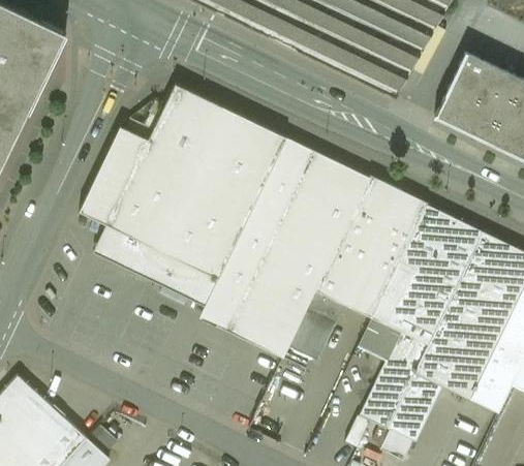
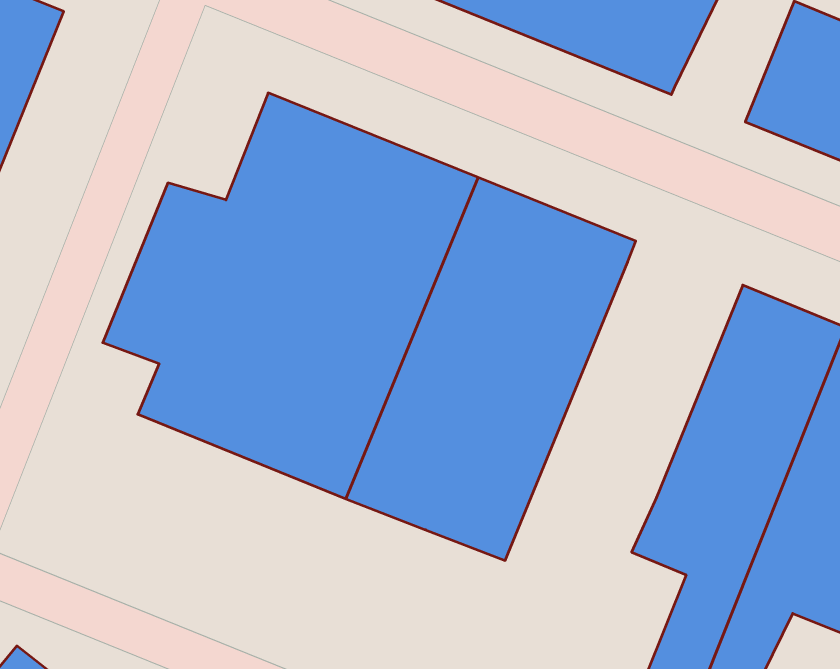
building: [287,178,427,361] -> none

